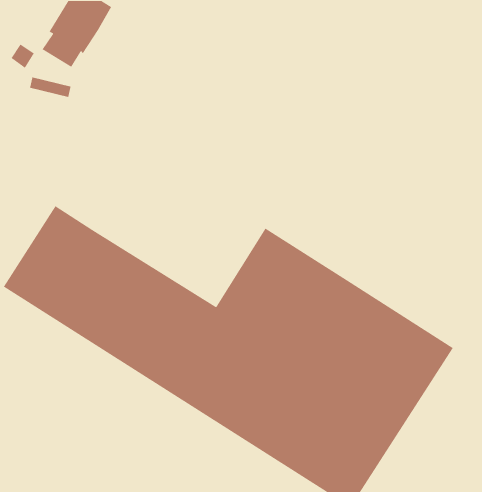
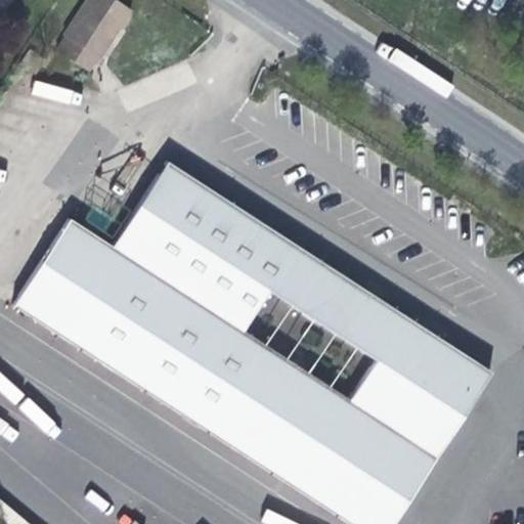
building: none -> [112,161,294,326]

